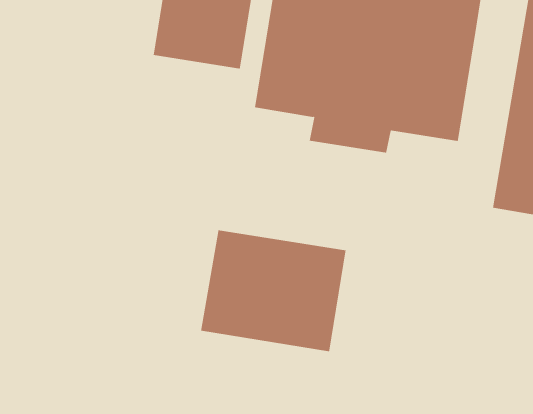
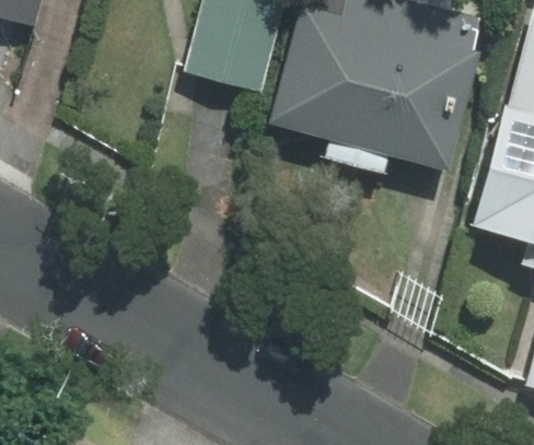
building: [200,229,346,352] -> none

